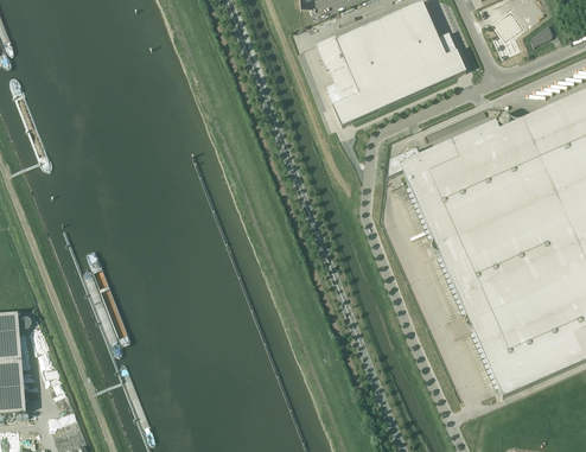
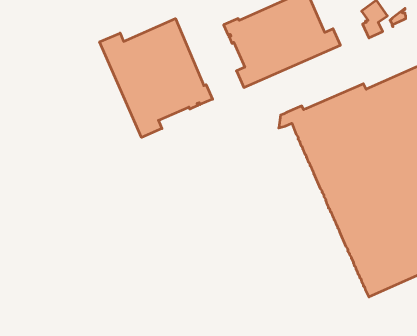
building: none -> [100,19,213,137]

